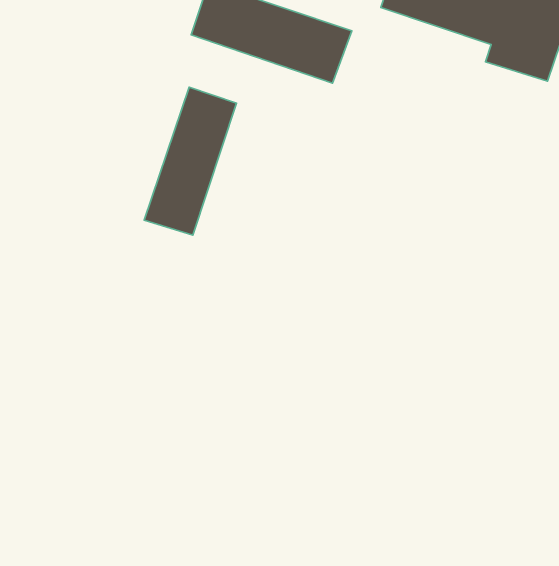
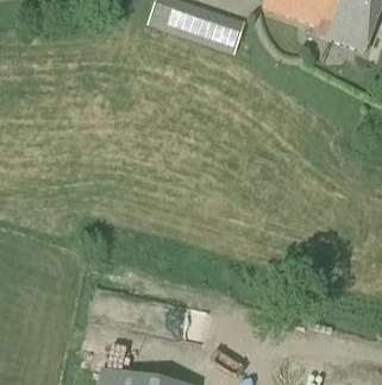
building: [144,87,237,235] -> none

